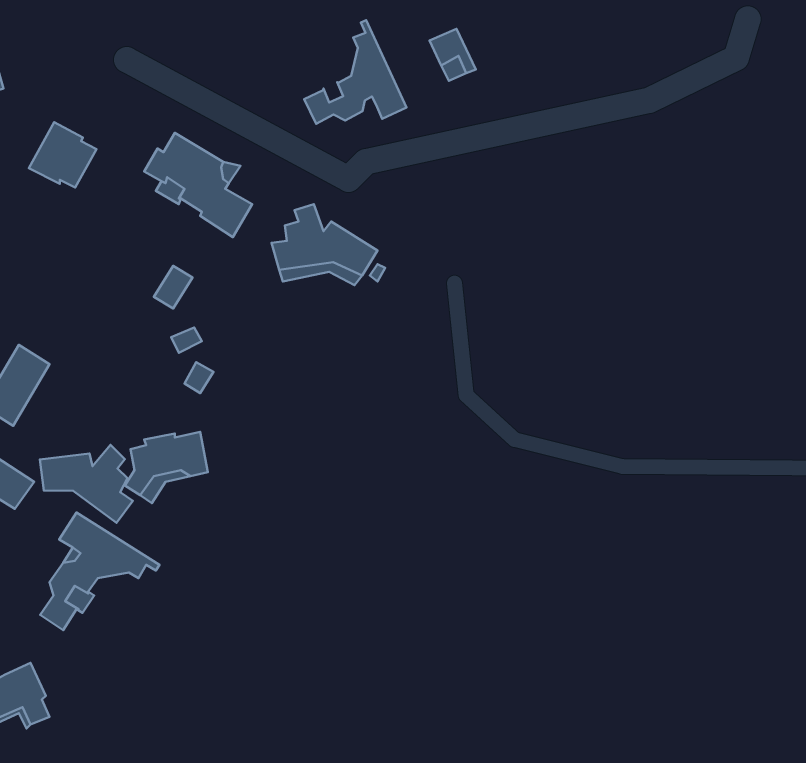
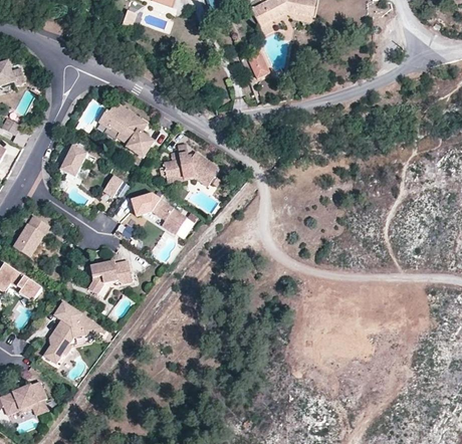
building: [304,20,406,124] -> none
building: [29,122,96,188] -> [58,145,93,179]
building: none -> [131,194,186,233]
building: [40,445,133,523] -> none

